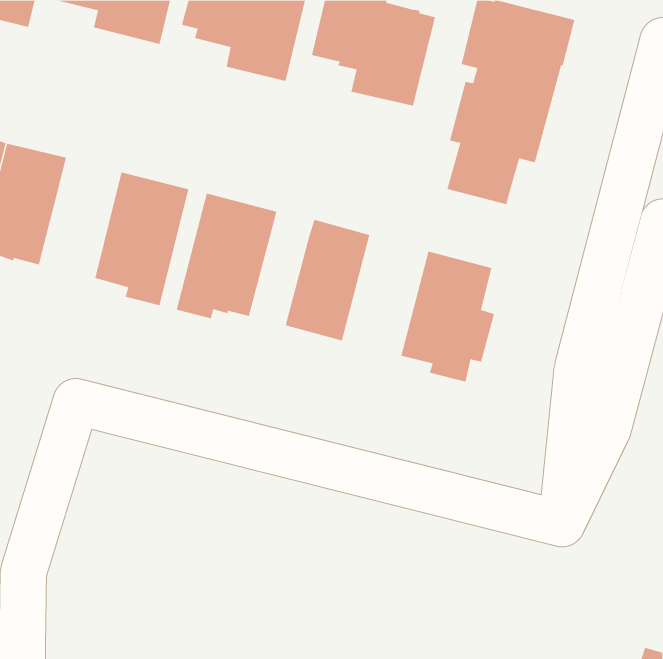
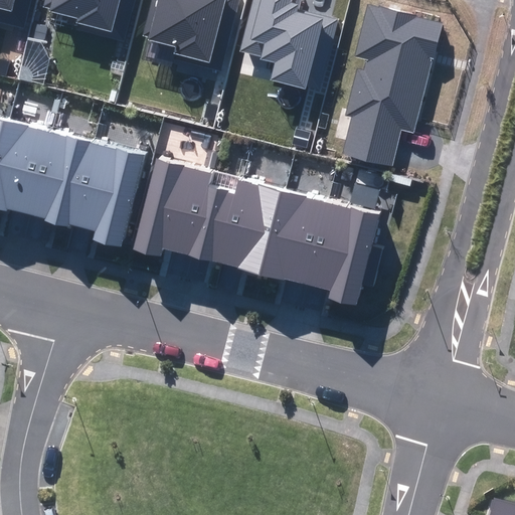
building: none -> [30,130,93,224]
building: none -> [191,183,236,259]
building: none -> [263,189,328,282]

